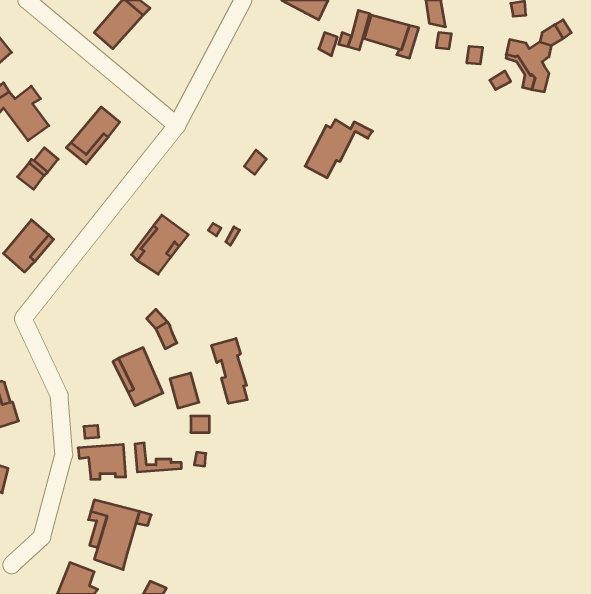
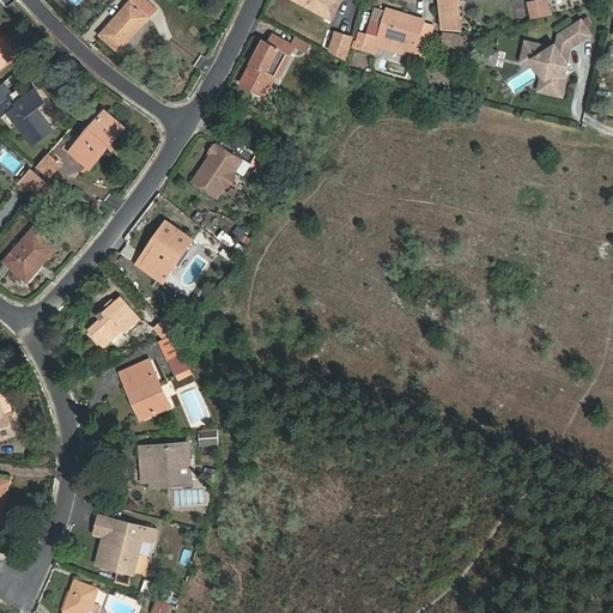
building: [305,120,373,178] -> [241,35,310,95]
building: none -> [195,145,243,196]
building: none -> [85,293,140,347]
building: [212,338,247,403] -> none
building: [78,444,126,479] -> [138,443,187,479]

